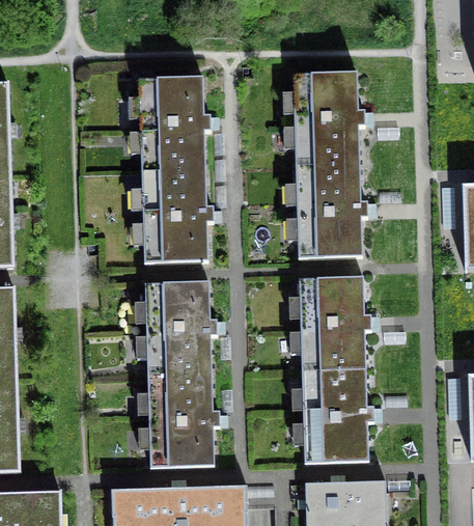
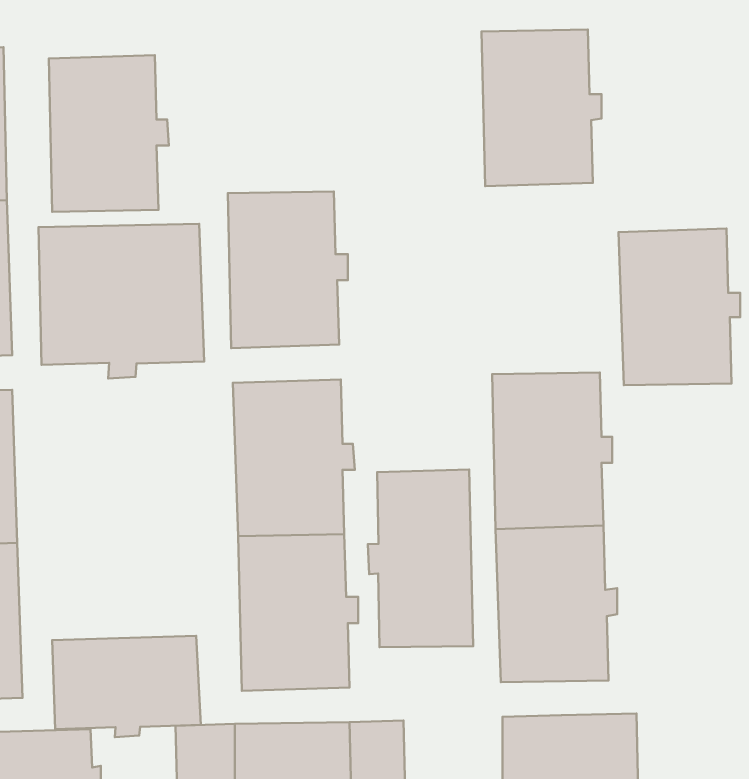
building: [139,78,211,171] -> [49,55,169,212]
building: [295,165,367,258] -> [619,229,740,385]
building: none -> [38,224,204,379]
building: none -> [368,469,473,647]
building: none -> [52,636,201,737]

